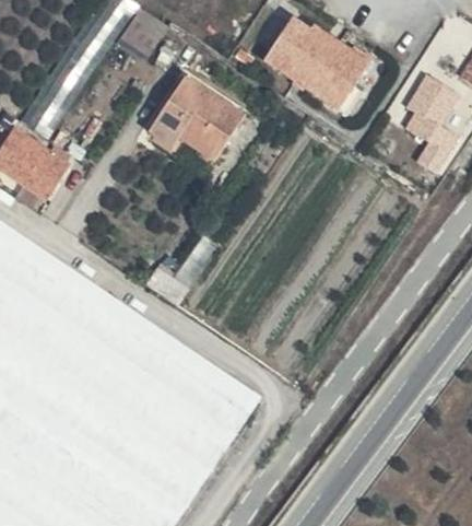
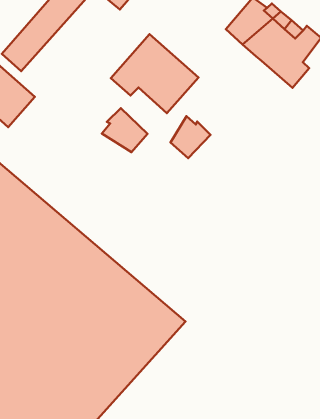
building: none -> [171,116,211,158]
building: none -> [102,108,148,152]

